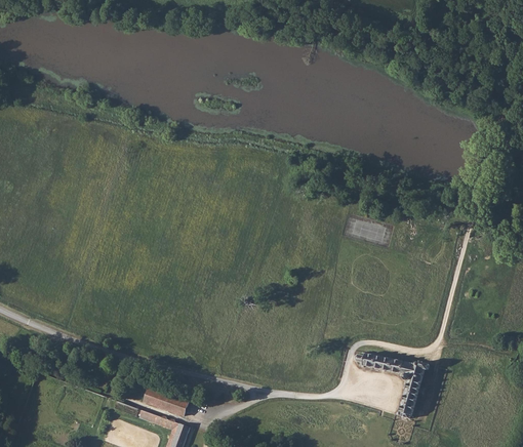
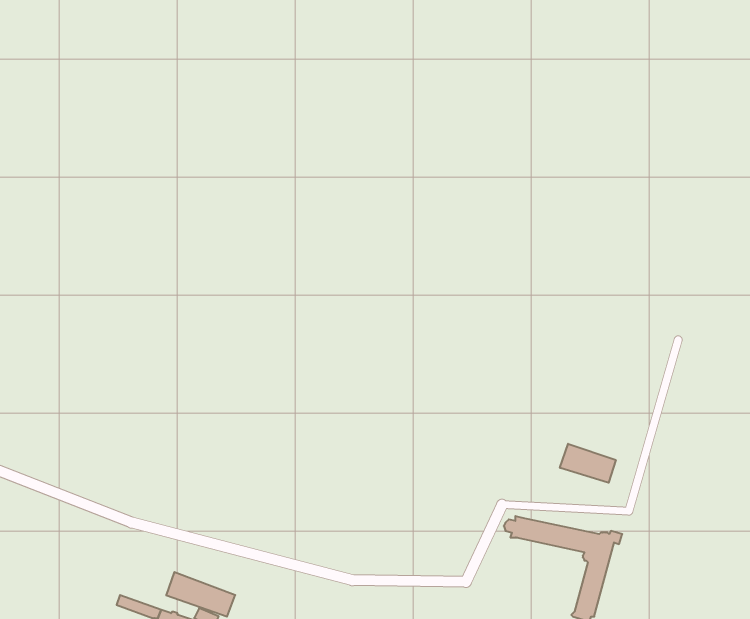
building: none -> [560,444,616,483]

